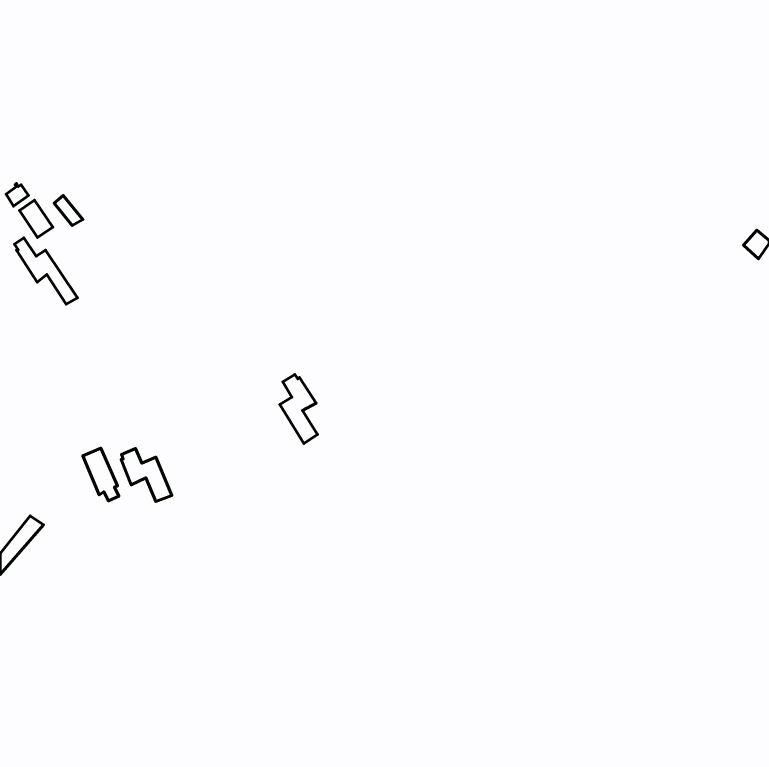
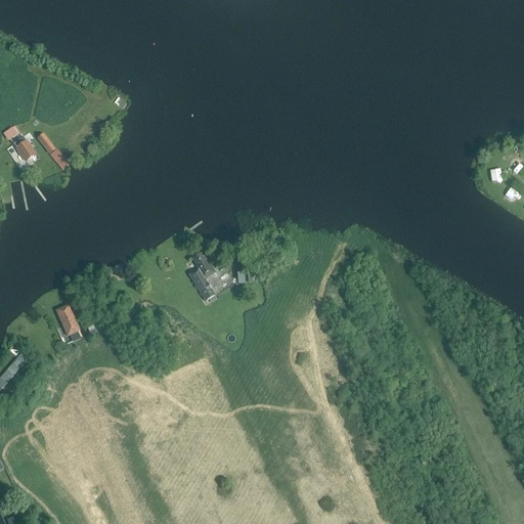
building: [14,238,77,304] -> none
building: [121,449,172,502] -> none

